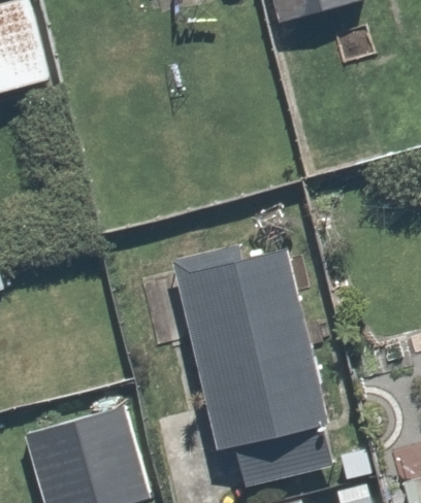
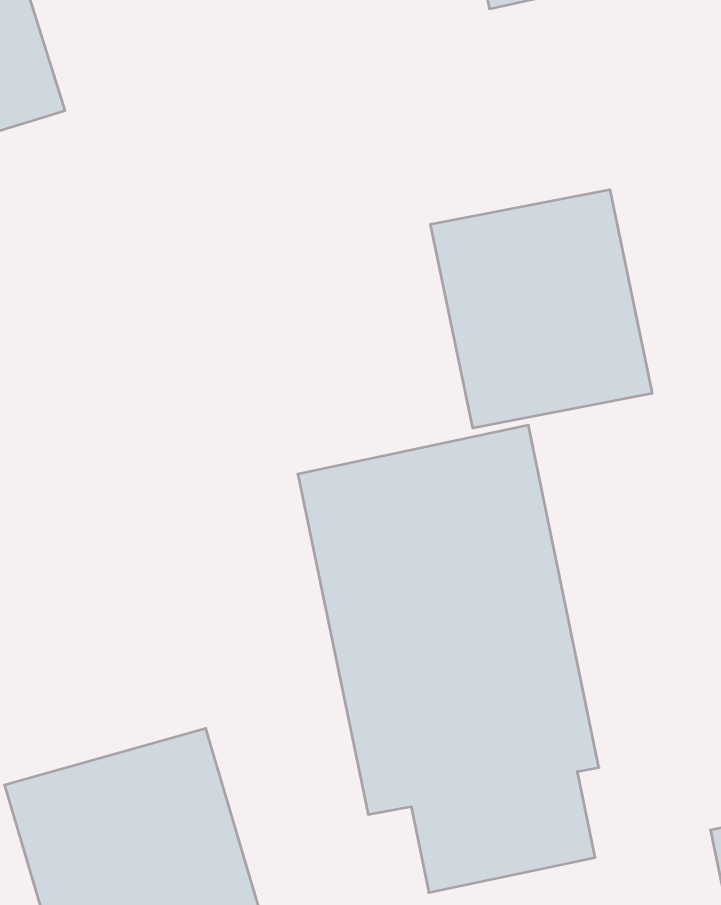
building: none -> [431,190,652,428]

